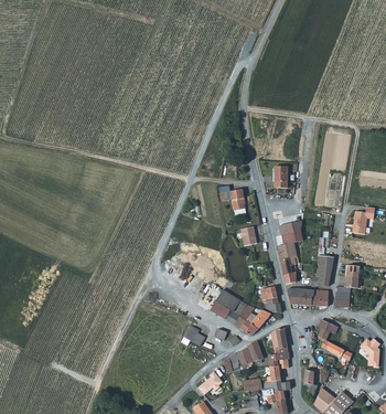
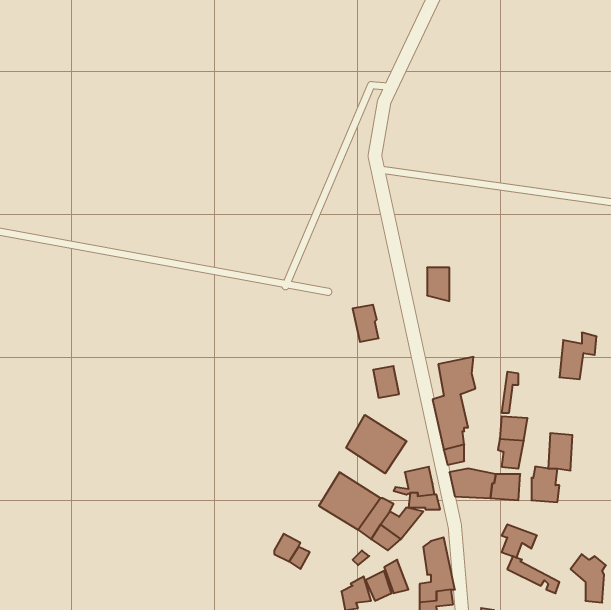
building: none -> [346,415,407,473]

